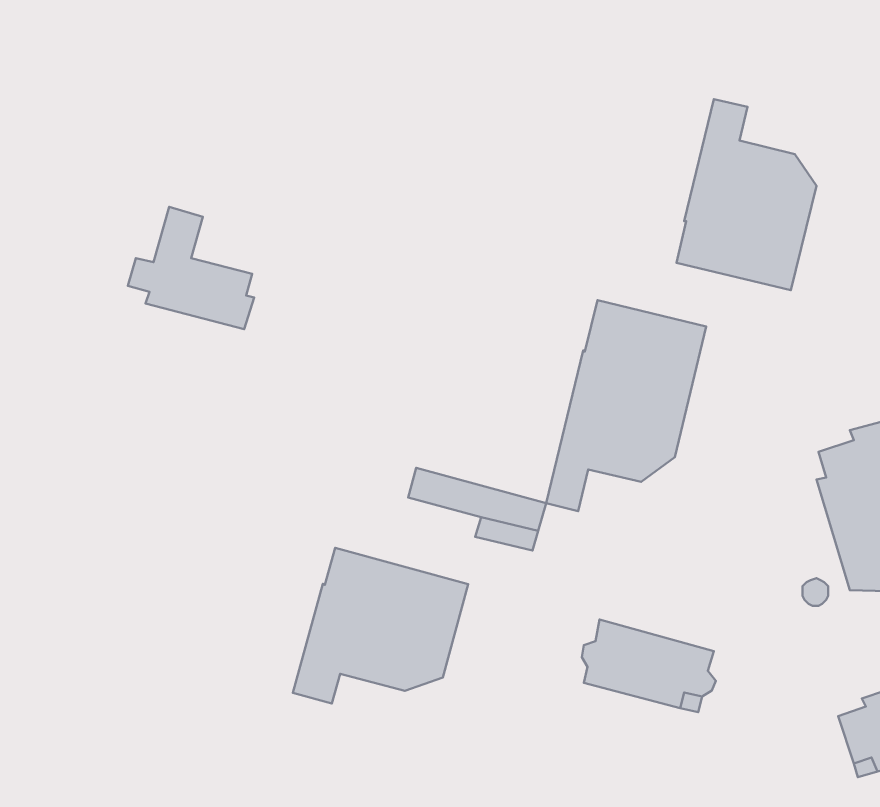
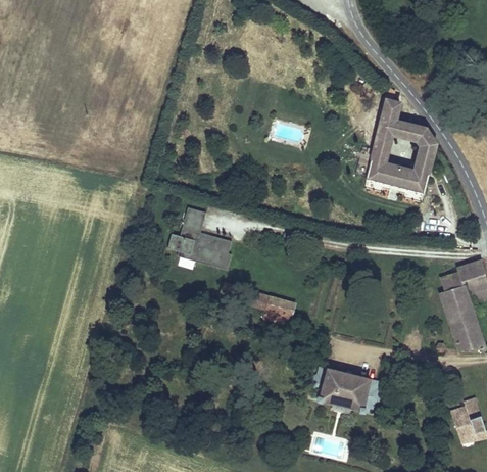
building: [128,207,254,329] -> [166,206,232,270]
building: [546,300,706,511] -> none
building: [293,548,468,704] -> none

